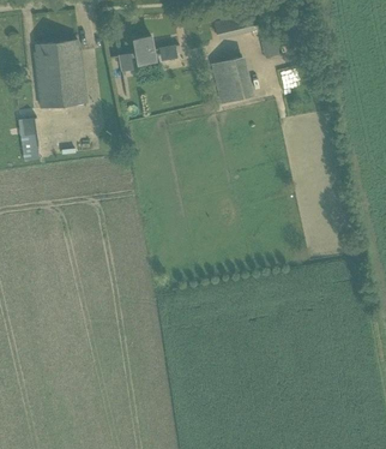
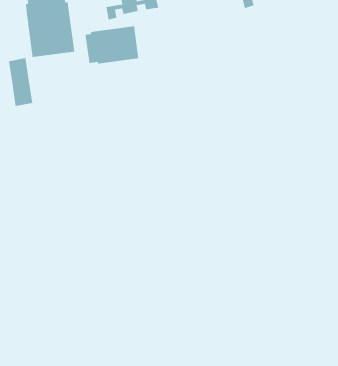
building: [212,55,251,101] -> none
building: none -> [85,26,139,64]

